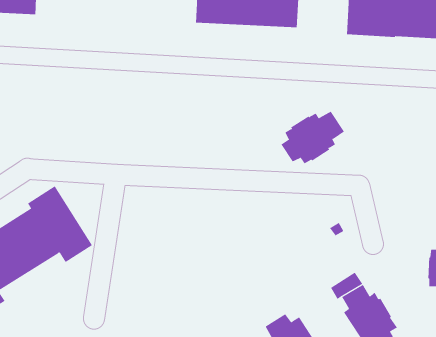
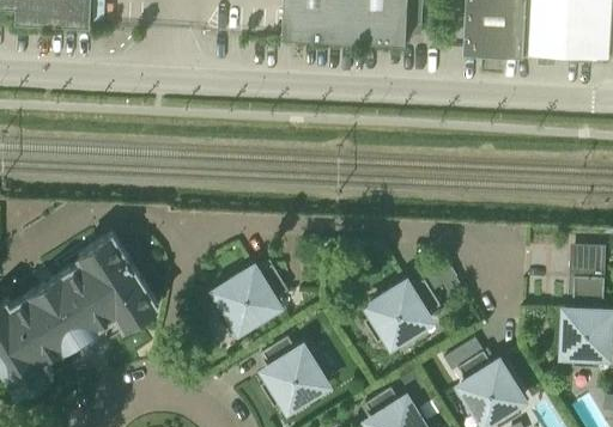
building: [280,111,345,164] -> [363,281,441,346]
building: none -> [211,266,289,331]
building: none -> [260,337,327,410]

